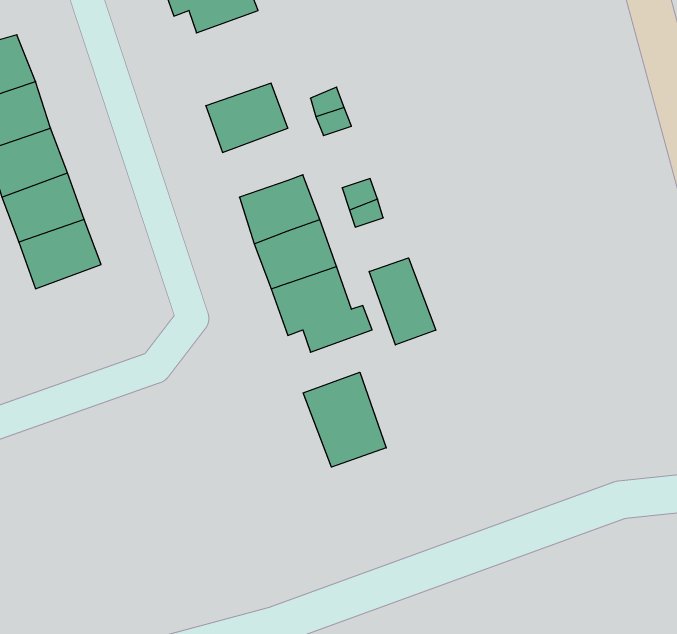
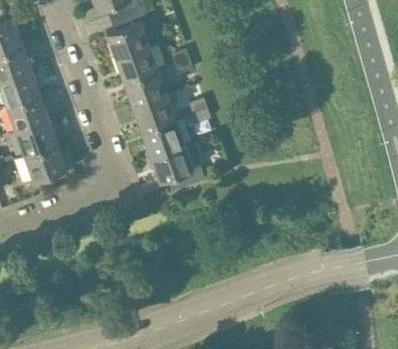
building: none -> [106,7,150,58]
building: none -> [124,70,167,107]
building: [369,258,436,345] -> none
building: none -> [23,143,66,181]
building: [303,372,386,467] -> none

